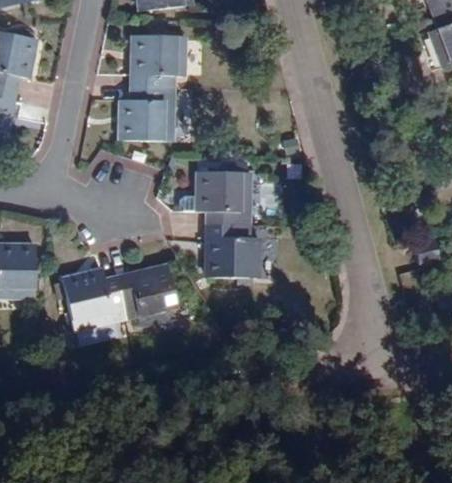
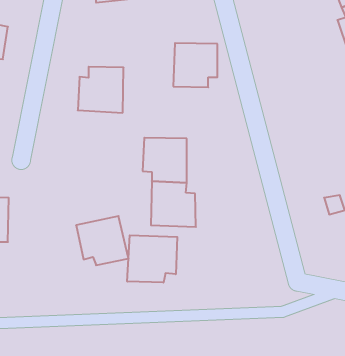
building: [131,34,184,87] -> [173,43,217,87]
building: [62,268,125,329] -> none
building: none -> [127,235,177,283]

